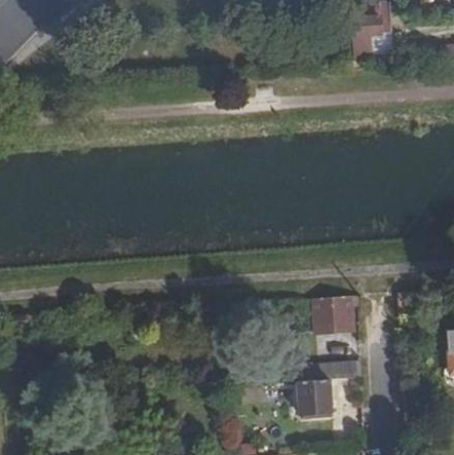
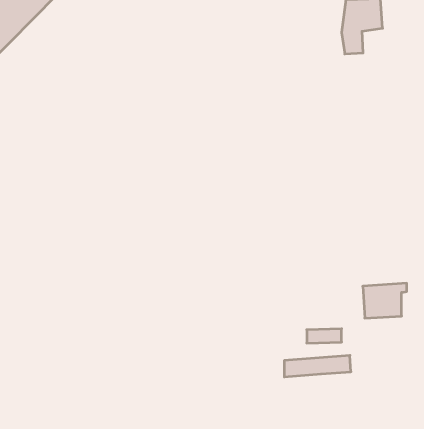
building: [313,297,357,332] -> [363,283,407,318]
building: [294,380,333,414] -> none

